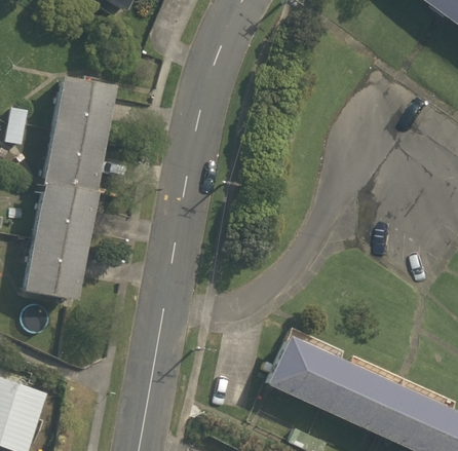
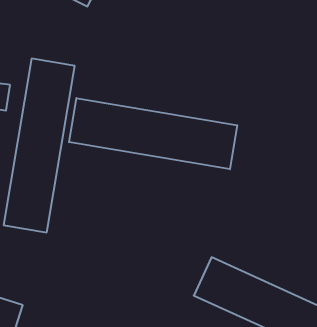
building: none -> [69,98,237,169]

